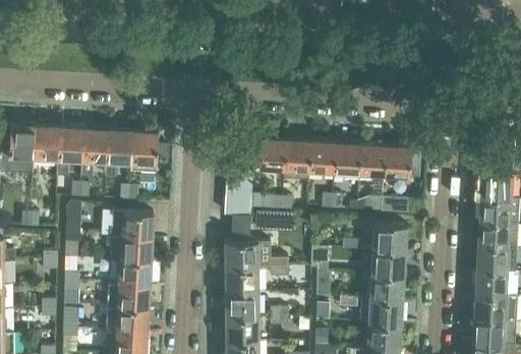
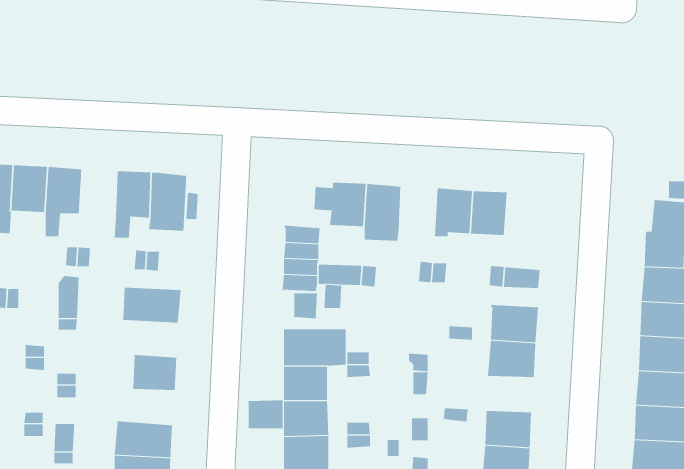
building: [81,129,108,178] -> none
building: [308,141,335,177] -> none
building: [383,145,420,178] -> none
building: [110,236,152,262] -> none
building: [369,276,404,301] -> none
building: [108,284,150,310] -> none
building: none -> [248,400,283,429]

